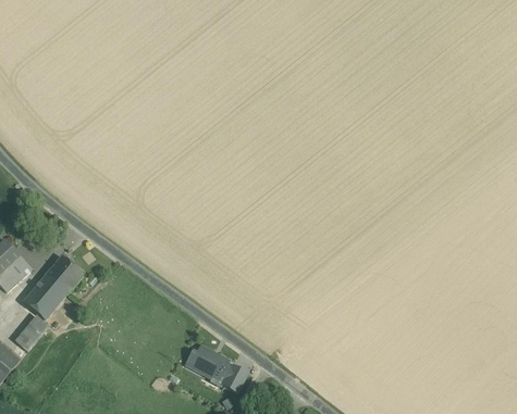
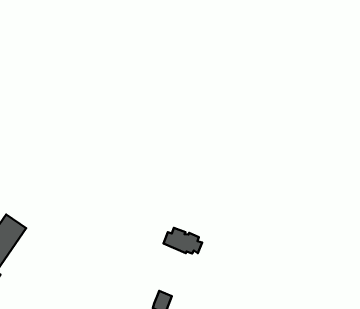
building: [186,344,232,377] -> [163,228,202,254]

